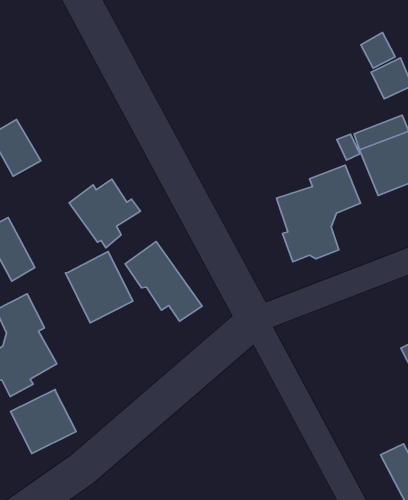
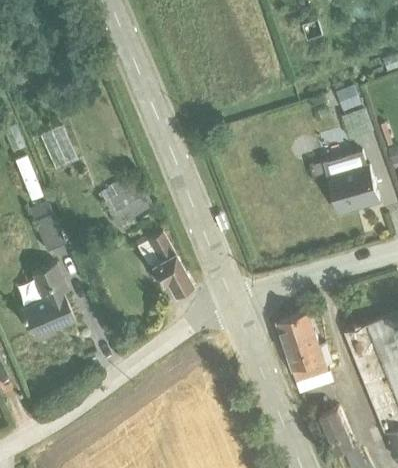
building: [277,165,360,262] -> none
building: [66,251,133,323] -> none
building: none -> [277,312,334,393]
building: [10,389,76,453] -> none

